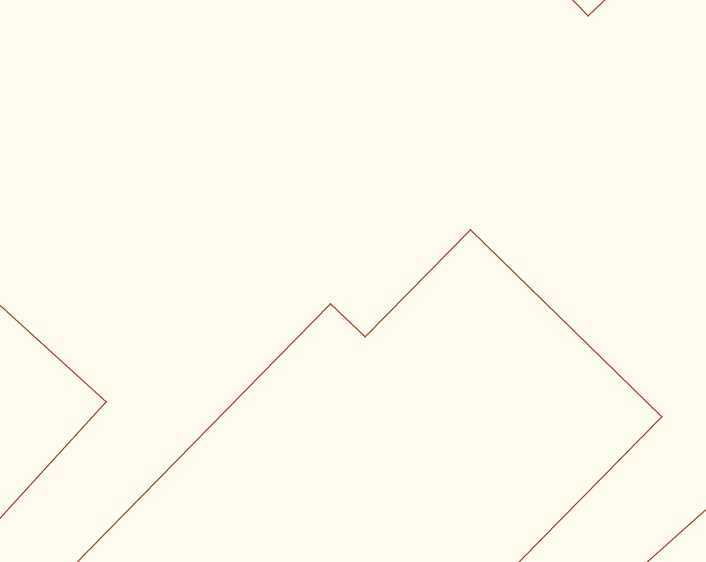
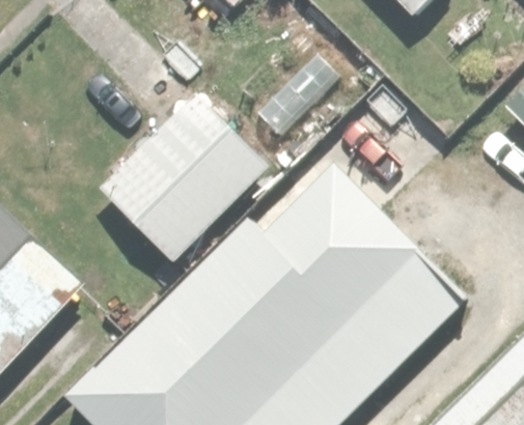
building: none -> [95,92,267,264]

